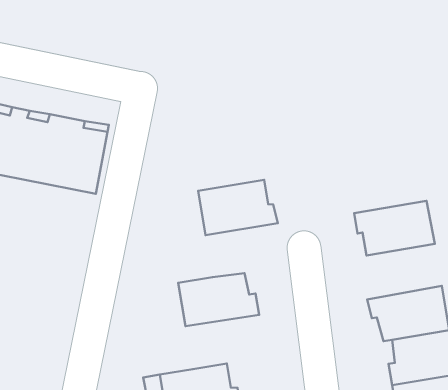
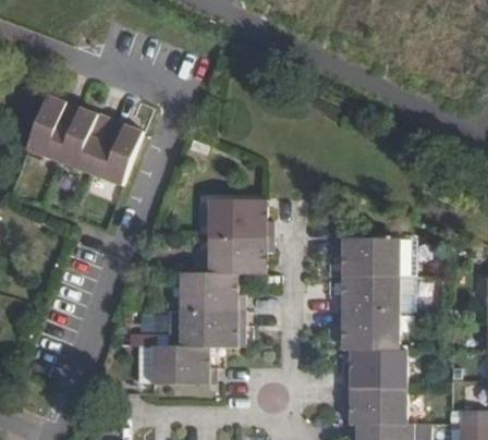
building: none -> [208,236,270,273]
building: none -> [334,276,399,313]
building: none -> [179,309,242,347]

